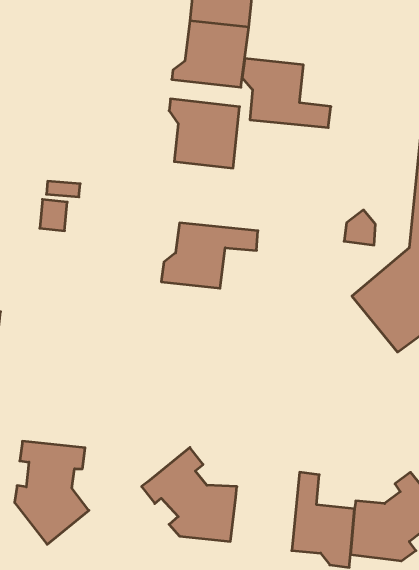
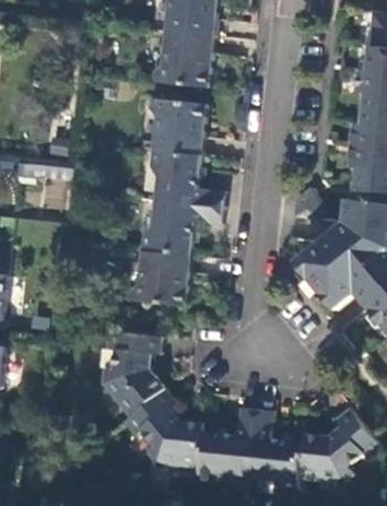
building: [242,58,331,128] -> [149,149,223,207]
building: none -> [127,249,189,304]
building: [15,441,89,544] -> [102,330,164,416]
building: none -> [197,407,256,485]

